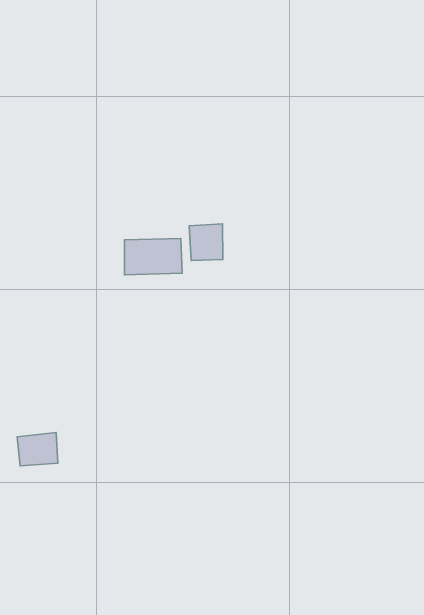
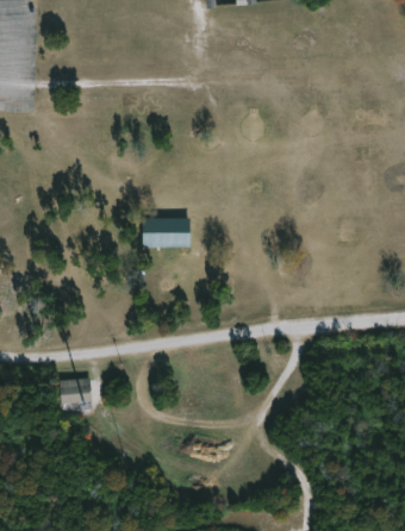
building: [189,224,223,260] -> none

